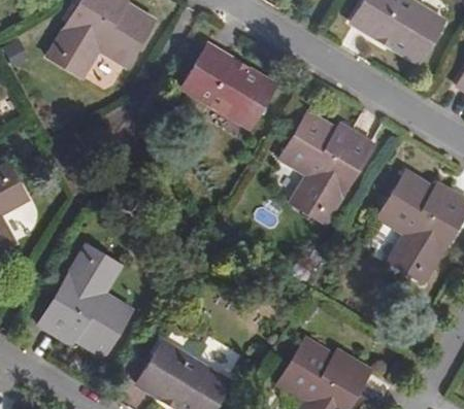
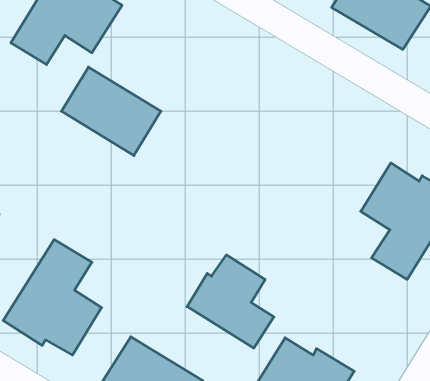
building: [181,43,276,128] -> [61,67,161,156]
building: [278,111,372,225] -> none
building: none -> [187,255,274,348]

